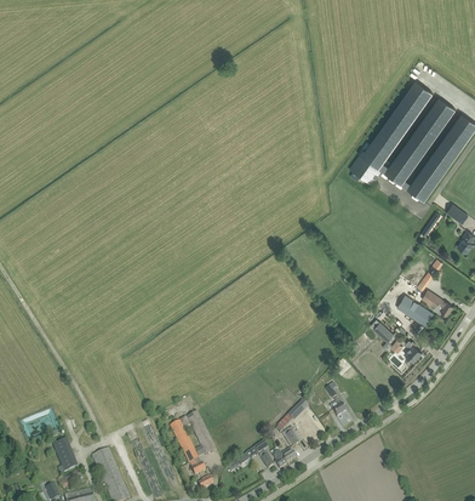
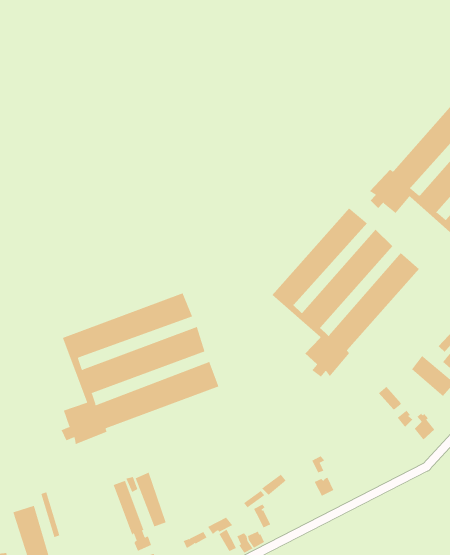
building: none -> [272,208,420,377]
building: none -> [61,293,219,445]

